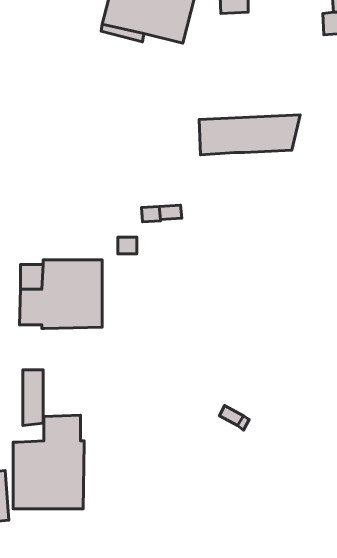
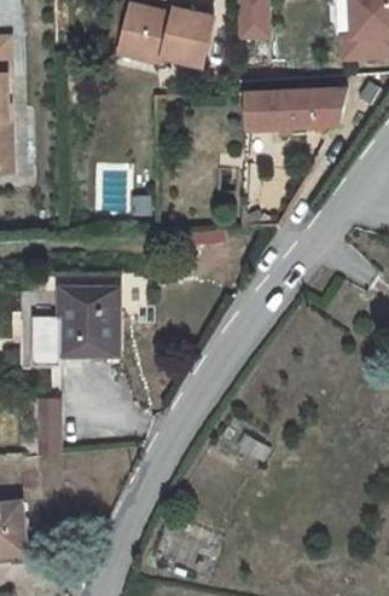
building: [199,115,300,155] -> [245,88,348,129]
building: [13,415,84,509] -> none

